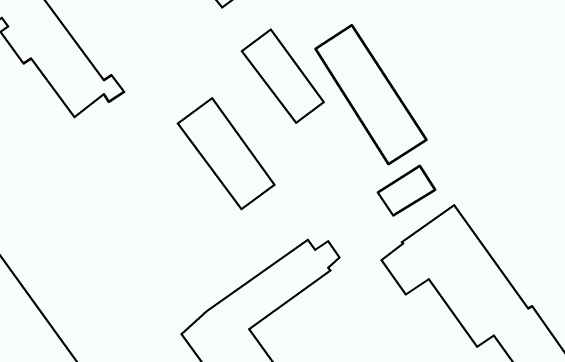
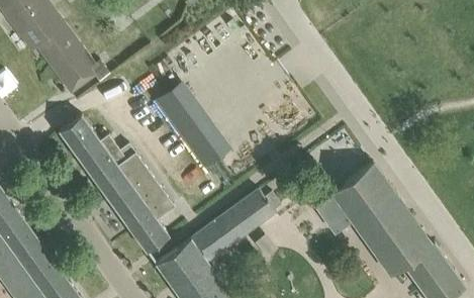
building: [316,25,427,164] -> none
building: [242,30,324,123] -> none
building: none -> [59,116,172,253]

